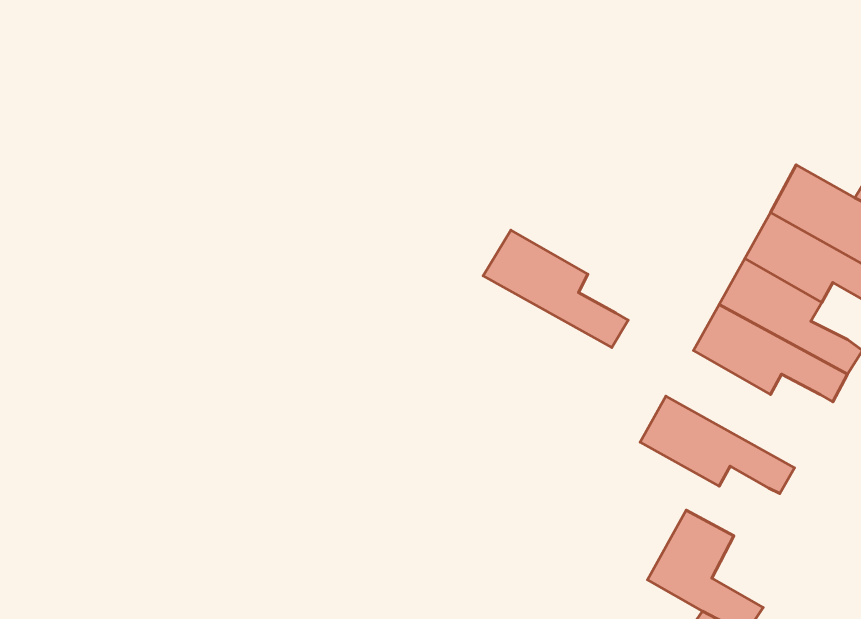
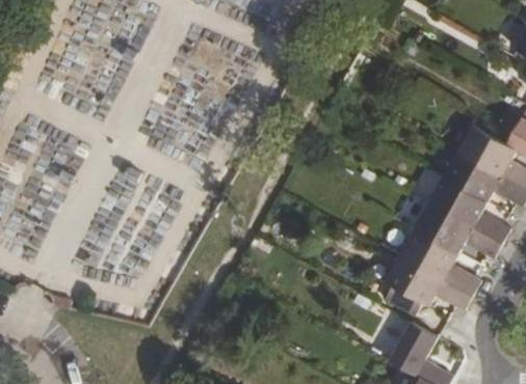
building: [483,230,628,348] -> [400,230,482,297]

